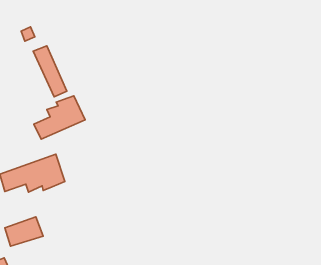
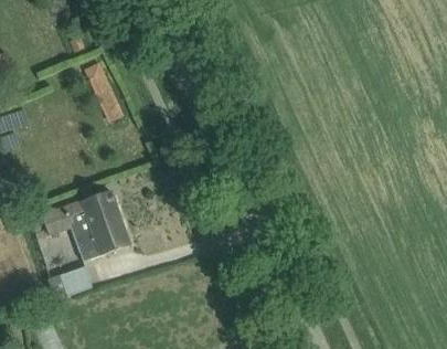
building: [34,96,85,139] -> none
building: none -> [77,224,129,261]

